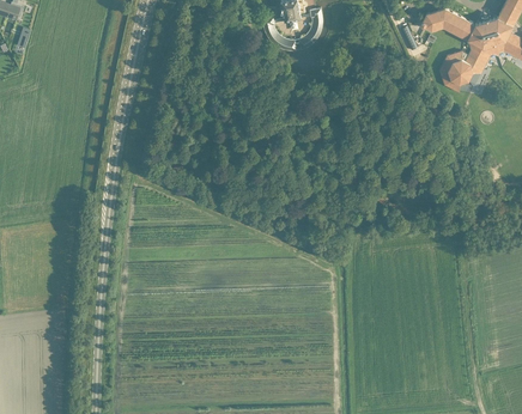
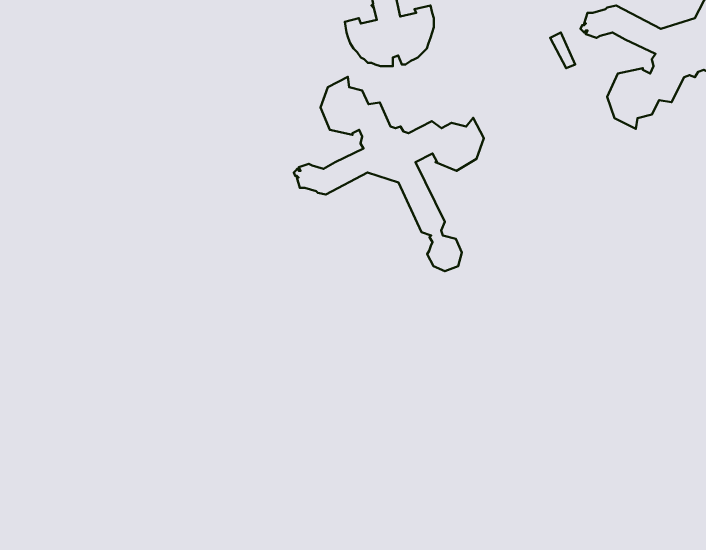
building: none -> [294,77,484,271]

